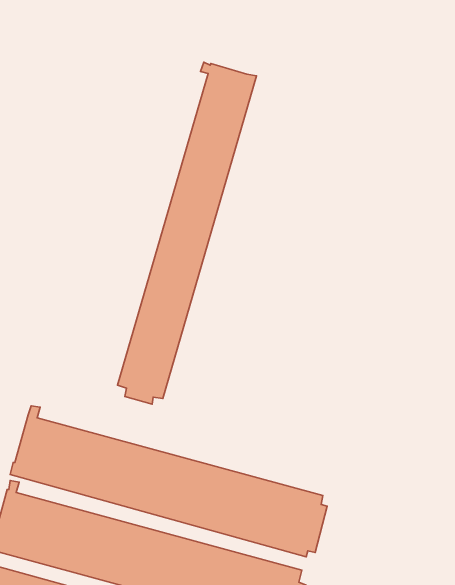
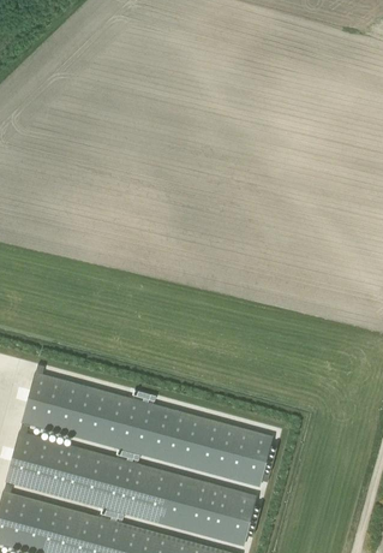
building: [118,62,257,404] -> none

